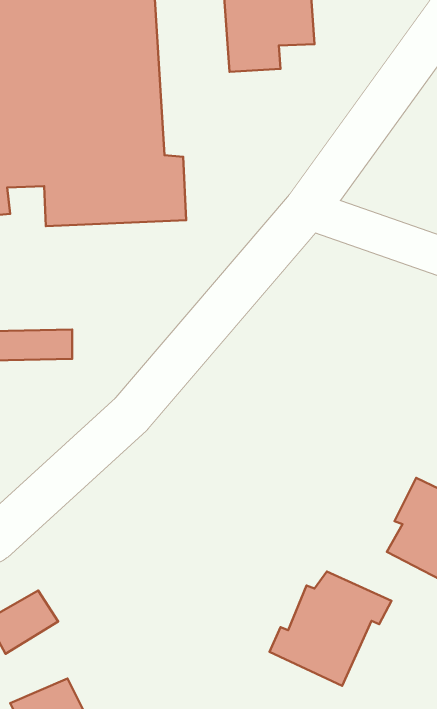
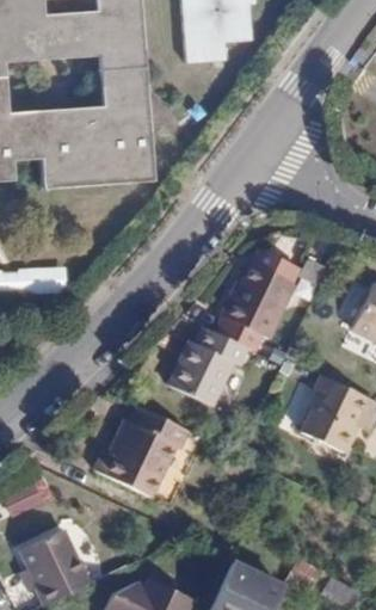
building: none -> [226,258,302,341]
building: none -> [169,329,249,408]
building: [270,572,392,686] -> [99,412,193,500]

